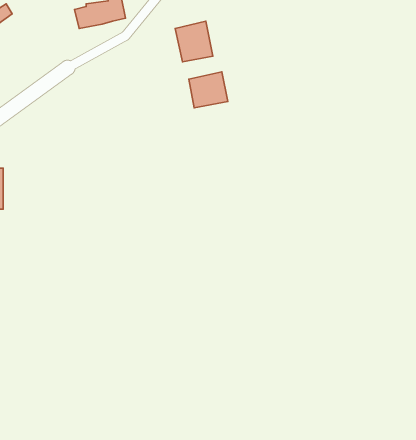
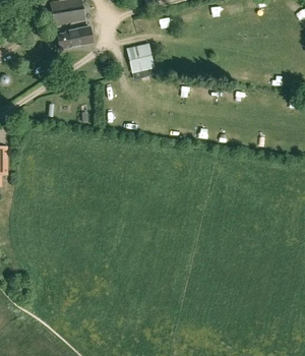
building: [189,72,228,108] -> none

